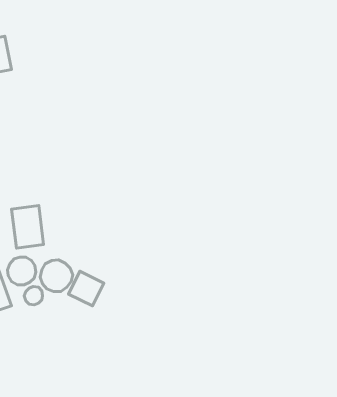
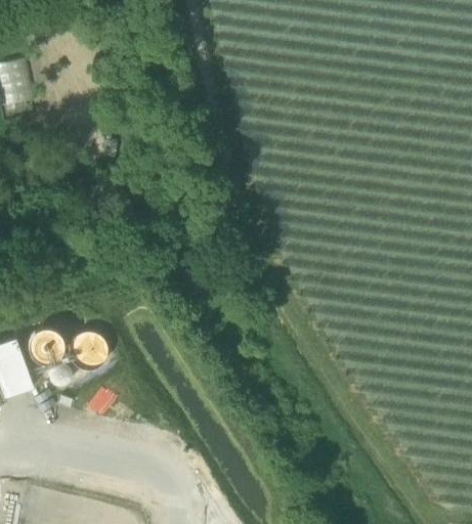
building: [12,206,44,248] -> none
building: [69,271,104,306] -> none

